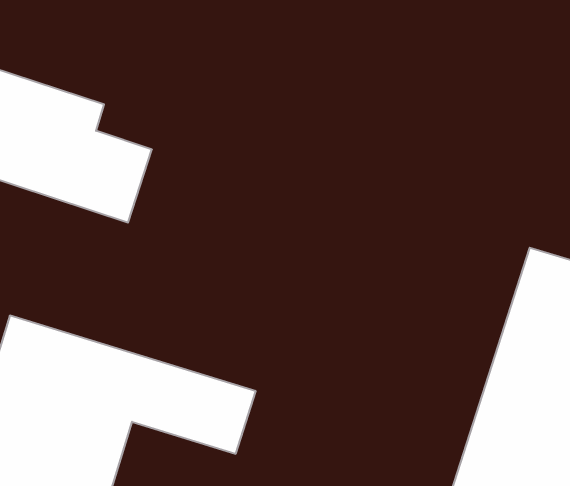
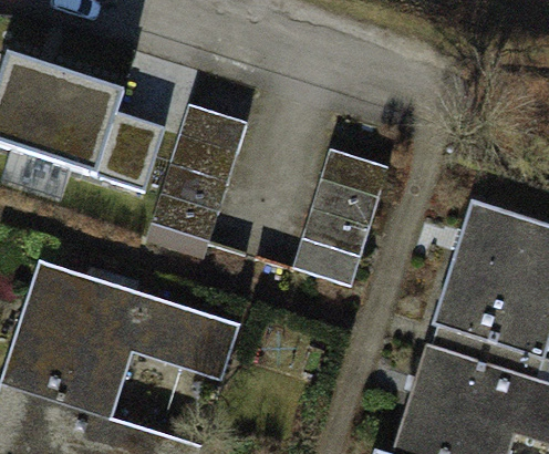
building: none -> [154,112,246,245]
building: none -> [291,157,375,280]

